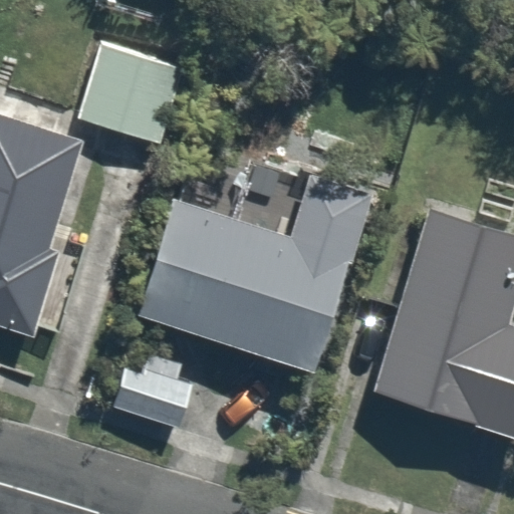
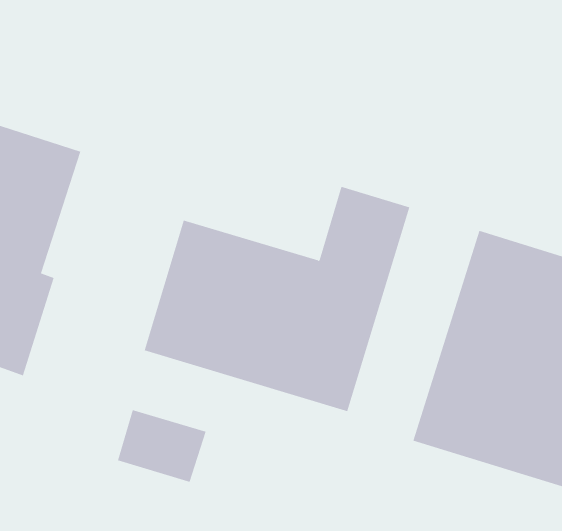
building: [81,47,182,143] -> none

